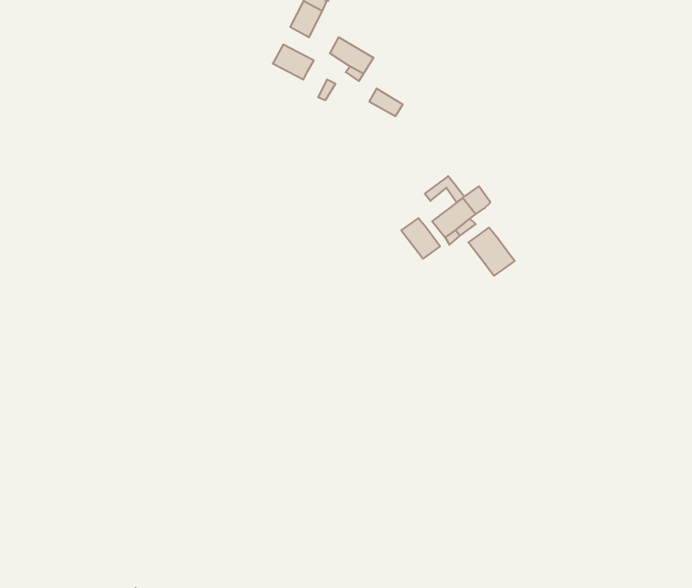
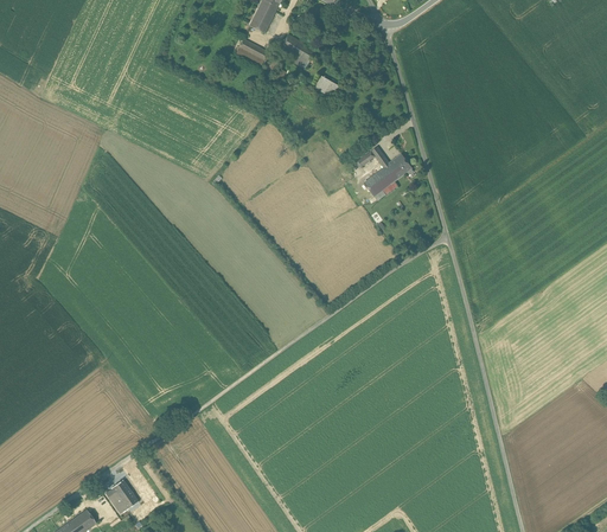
building: [401,218,440,259] -> none
building: [468,228,515,276] -> none

